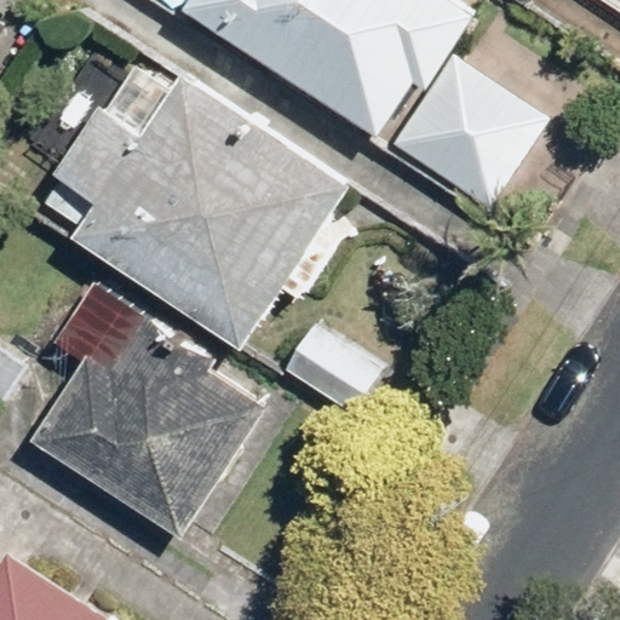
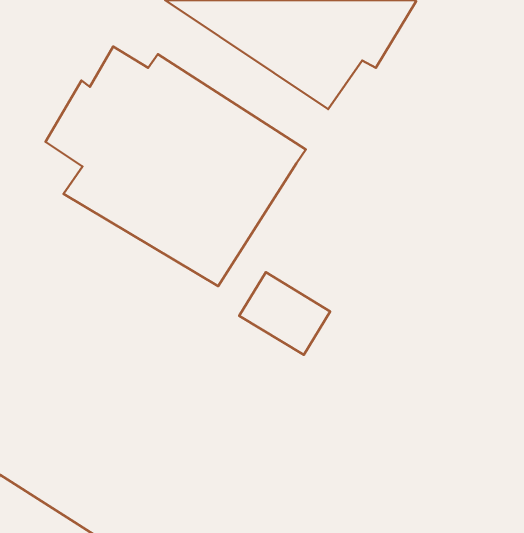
building: [391,65,550,220] -> none
building: [25,304,264,536] -> none

